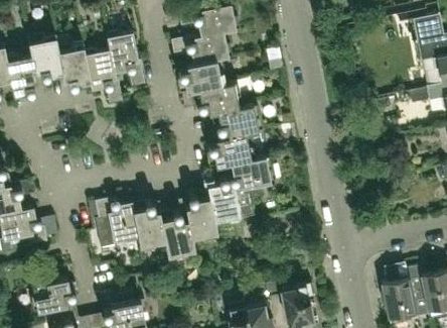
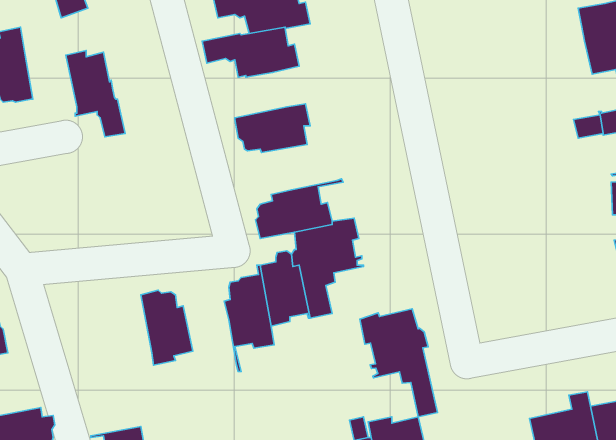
building: [105,29,144,86] -> none
building: [57,40,91,89] -> none
building: [177,61,226,94] -> none
building: [201,103,259,136] -> none
building: [95,198,139,248] -> none
building: [159,211,193,258] -> none
building: none -> [360,309,437,417]

